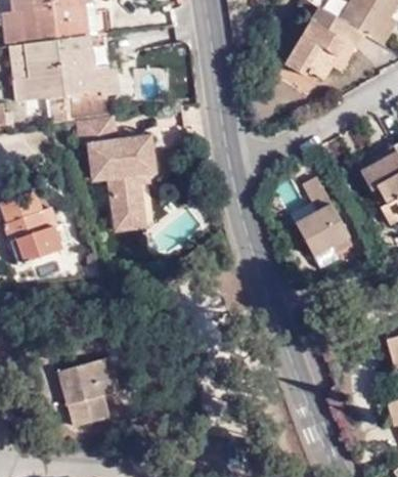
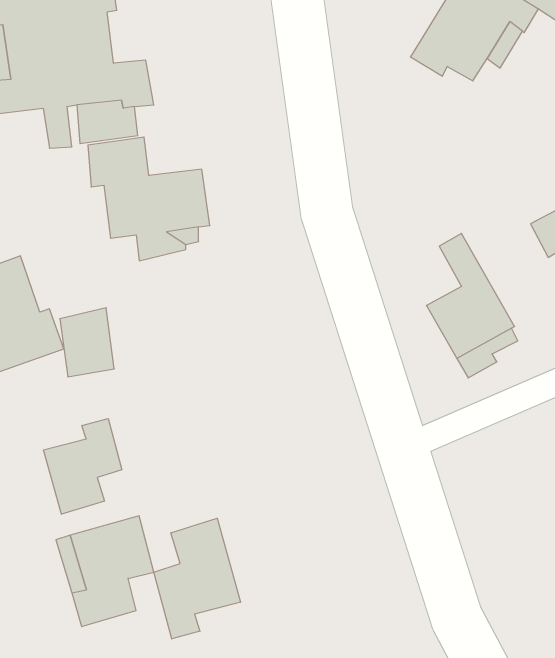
building: [110,187,145,231] -> [60,308,114,377]
building: none -> [44,419,122,514]
building: none -> [154,518,241,639]

